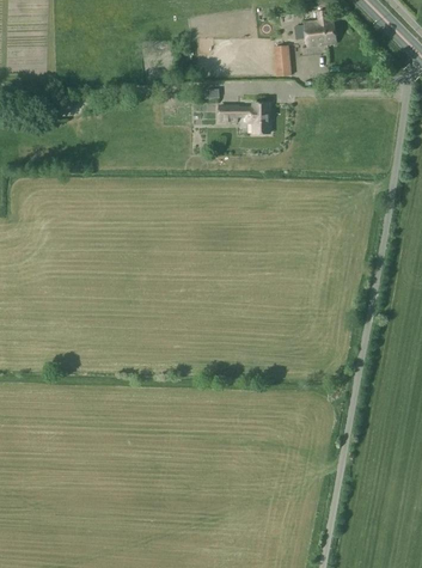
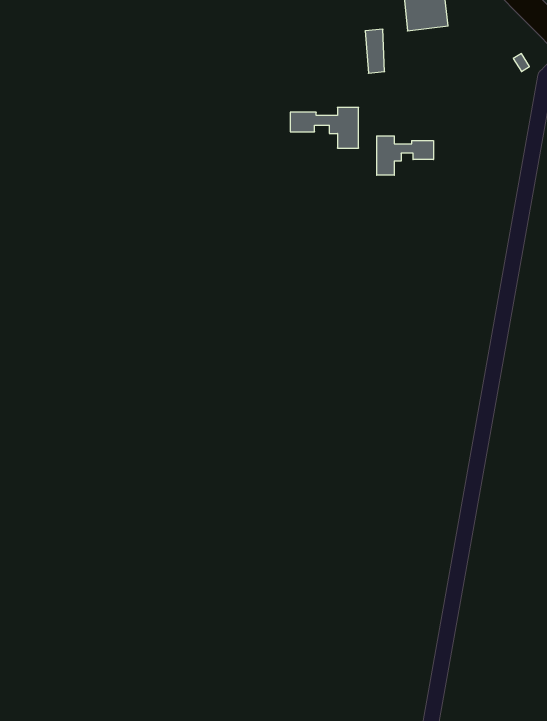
building: none -> [377,136,433,175]

